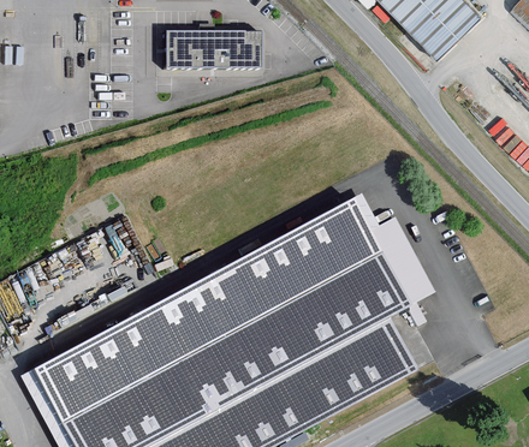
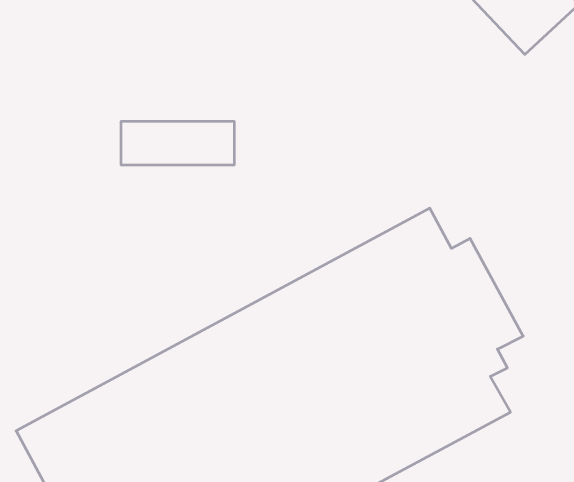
building: [162,35,257,71] -> [121,122,234,165]

